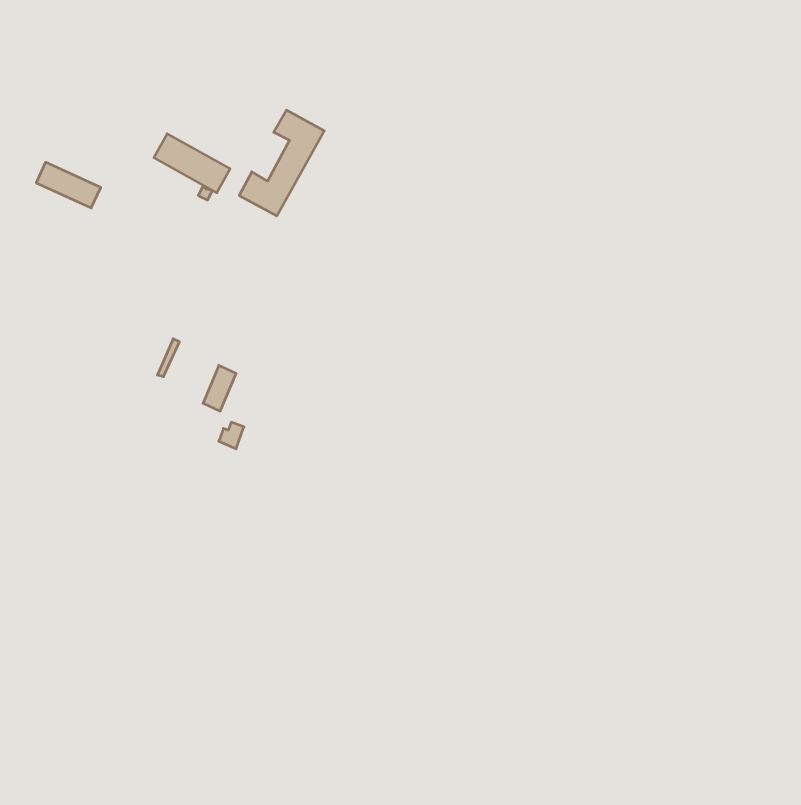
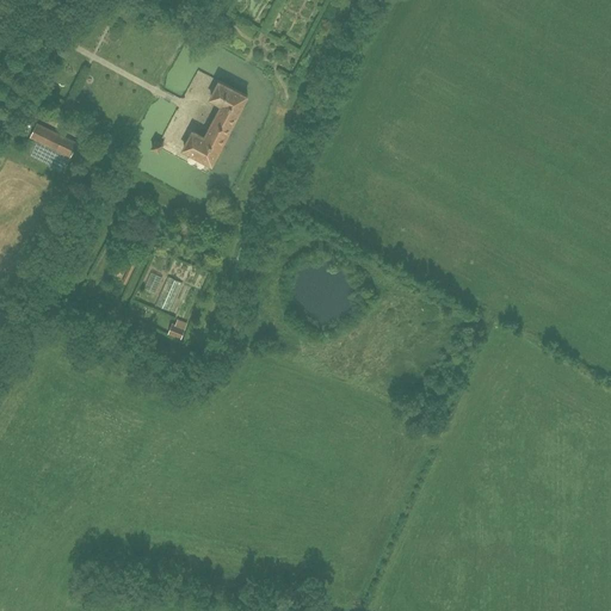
building: [154,134,230,193] -> none

